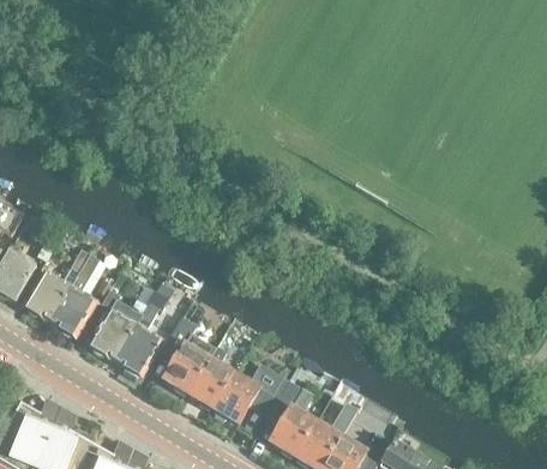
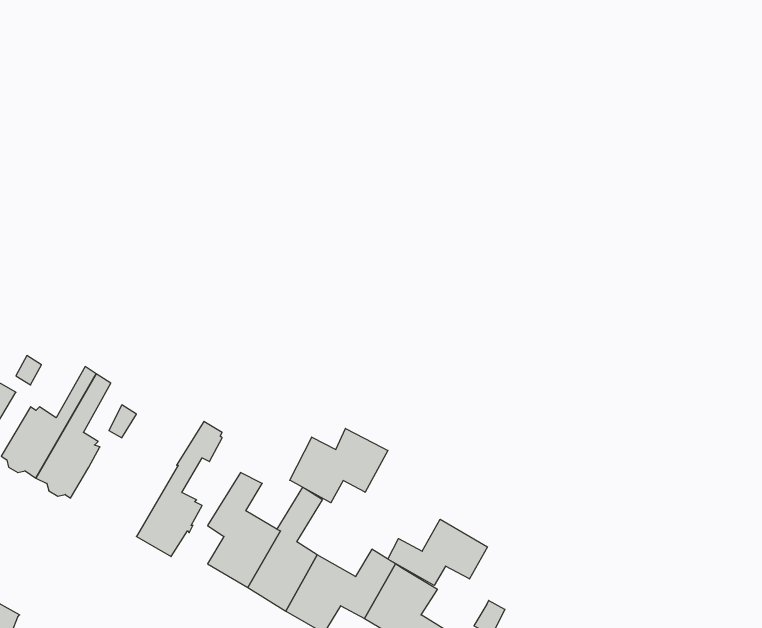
building: none -> [290,428,388,503]
building: [91,296,143,359] -> none
building: none -> [388,519,487,585]

